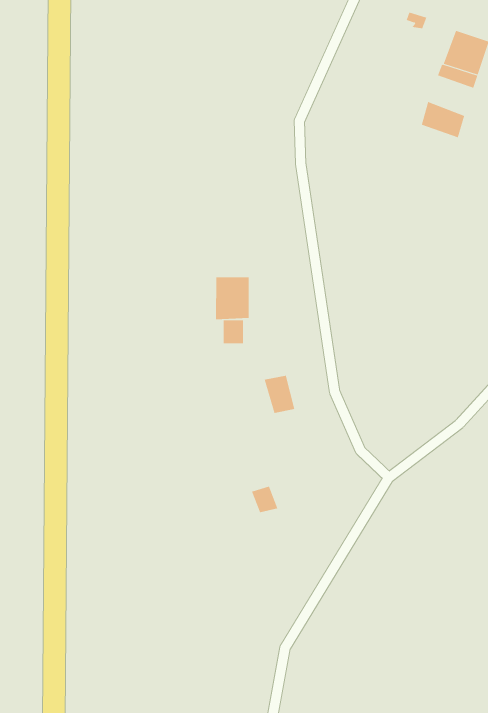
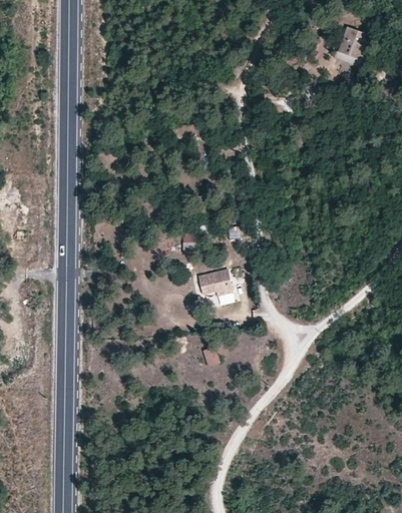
building: [421,101,465,138] -> none
building: [216,276,249,320] -> none

